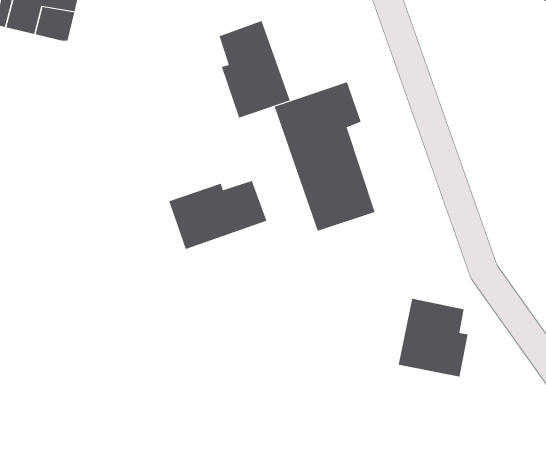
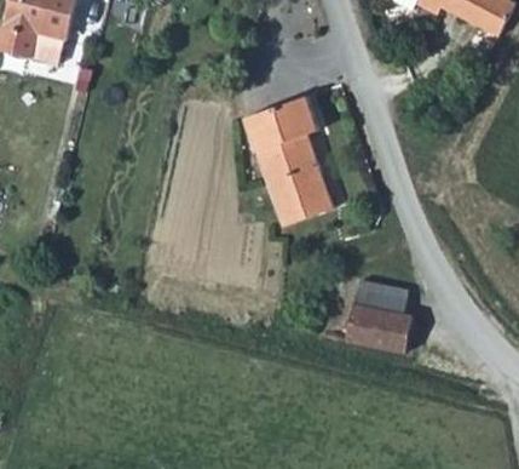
building: [219,20,290,119] -> none
building: [169,180,267,250] -> none

